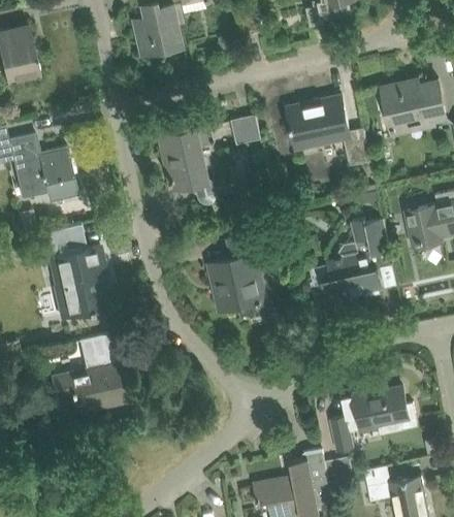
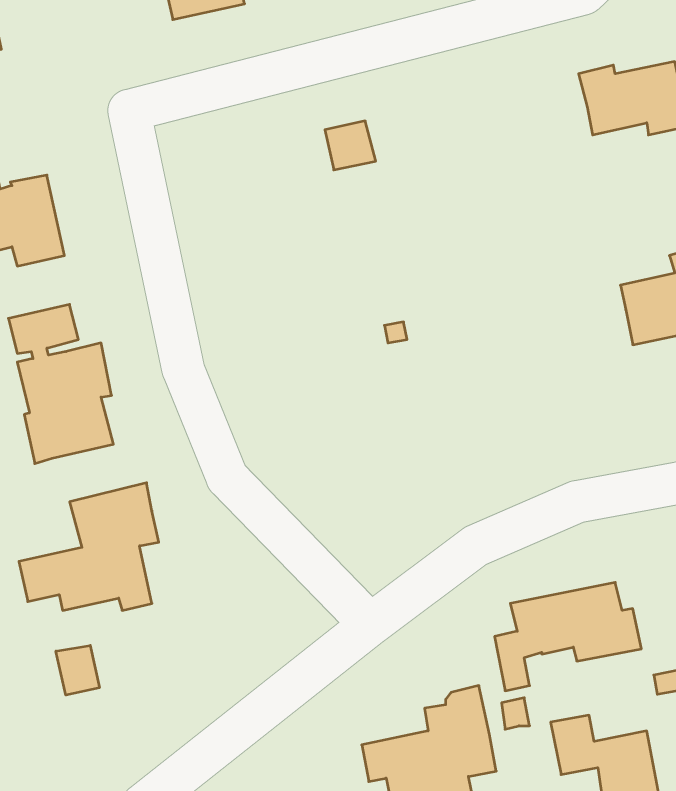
building: [285,96,368,166] -> none
building: [165,126,215,205] -> none
building: [309,219,392,298] -> none
building: [207,233,266,315] -> none
building: none -> [56,645,99,695]

